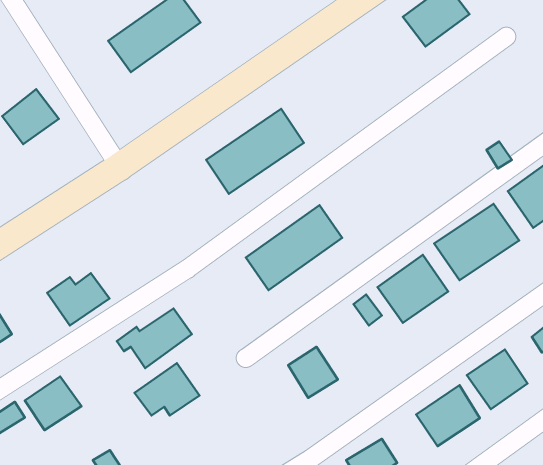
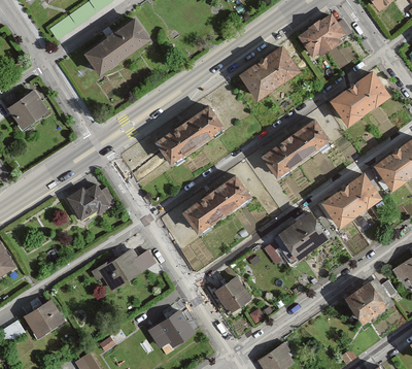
building: none -> [240,45,301,101]
building: none -> [331,70,393,128]
building: none -> [263,118,333,179]
building: [47,273,109,325] -> [65,184,110,223]
building: [134,363,200,415] -> [147,310,195,348]
building: [416,385,480,446] -> none

